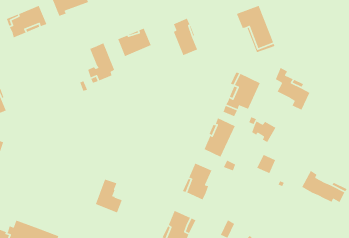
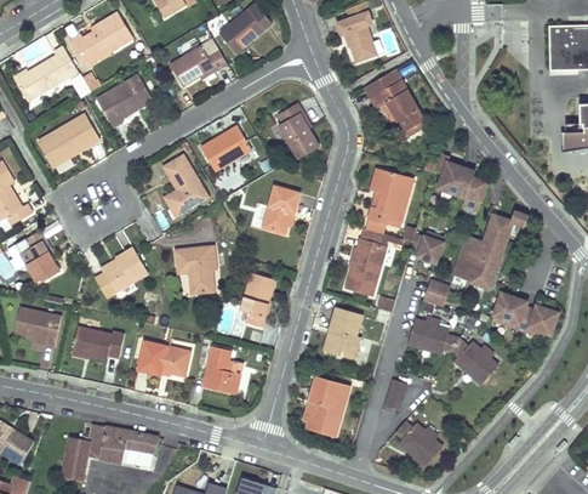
building: none -> [262,186,299,233]
building: none -> [95,246,147,296]
building: none -> [176,244,216,293]
building: none -> [453,211,527,288]
building: none -> [240,272,274,328]
building: none -> [72,325,124,359]
building: none -> [137,340,189,375]
building: none -> [407,319,498,385]

